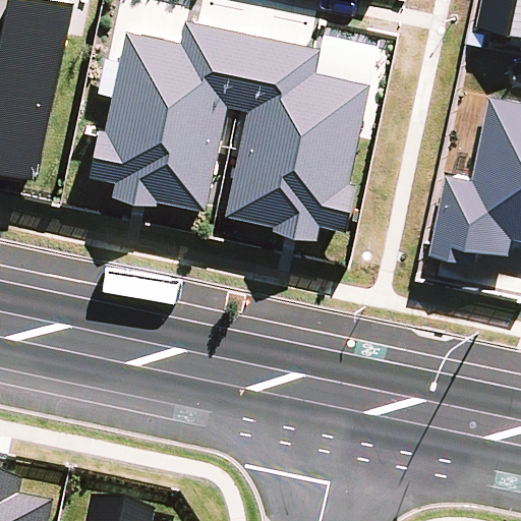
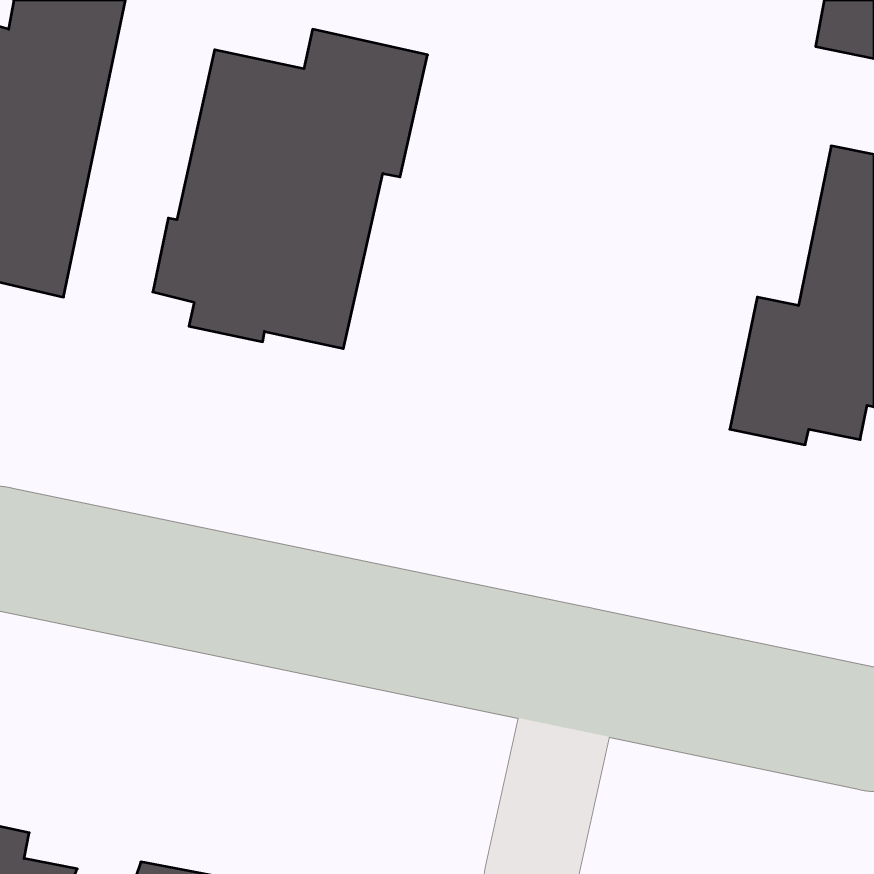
building: [227,35,369,238] -> none

